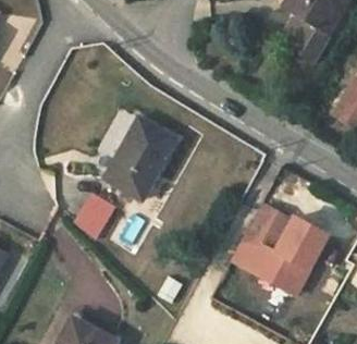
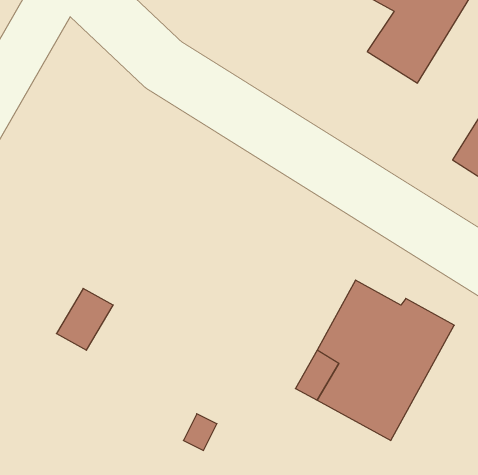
building: [106,121,174,200] -> none

